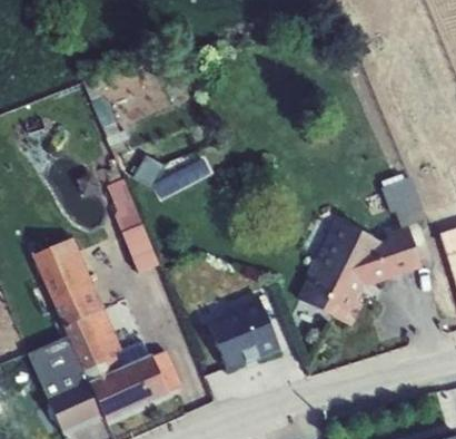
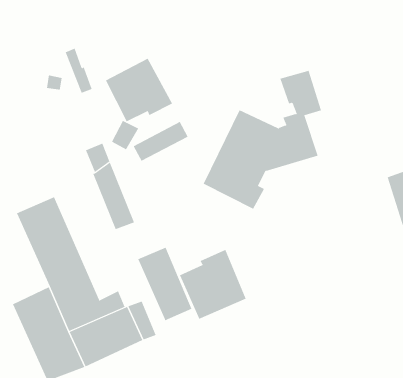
building: none -> [105,58,173,122]
building: [298,177,426,328] -> [203,70,322,210]
building: none -> [137,247,192,321]

